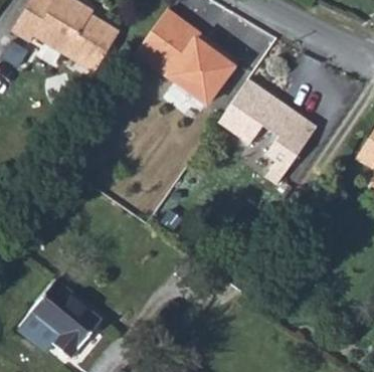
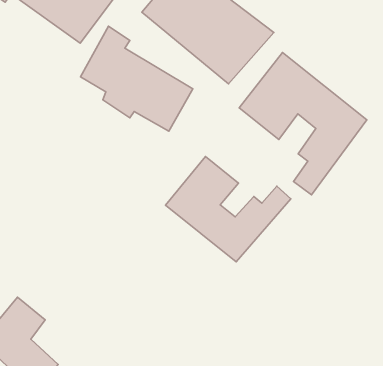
building: none -> [80,26,193,131]
building: none -> [165,156,291,262]

